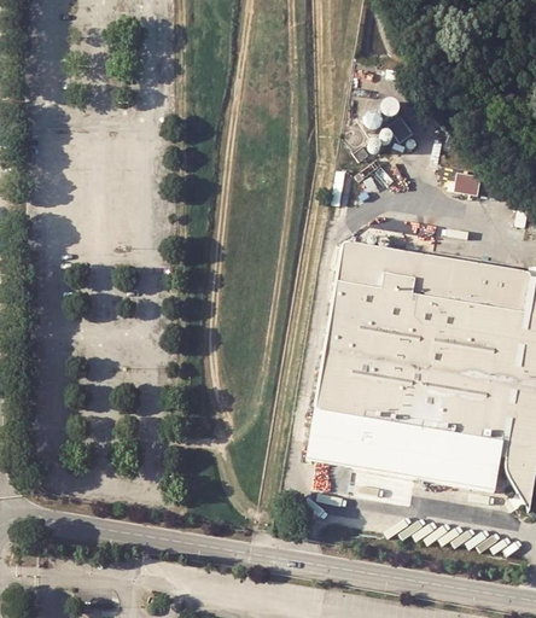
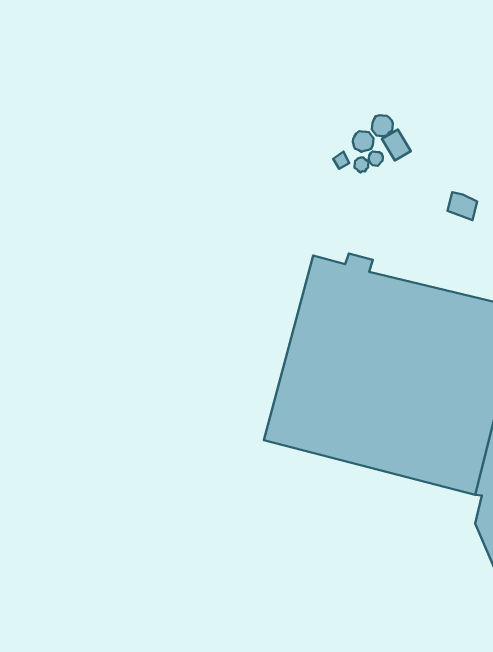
building: [305,407,512,492] -> none

